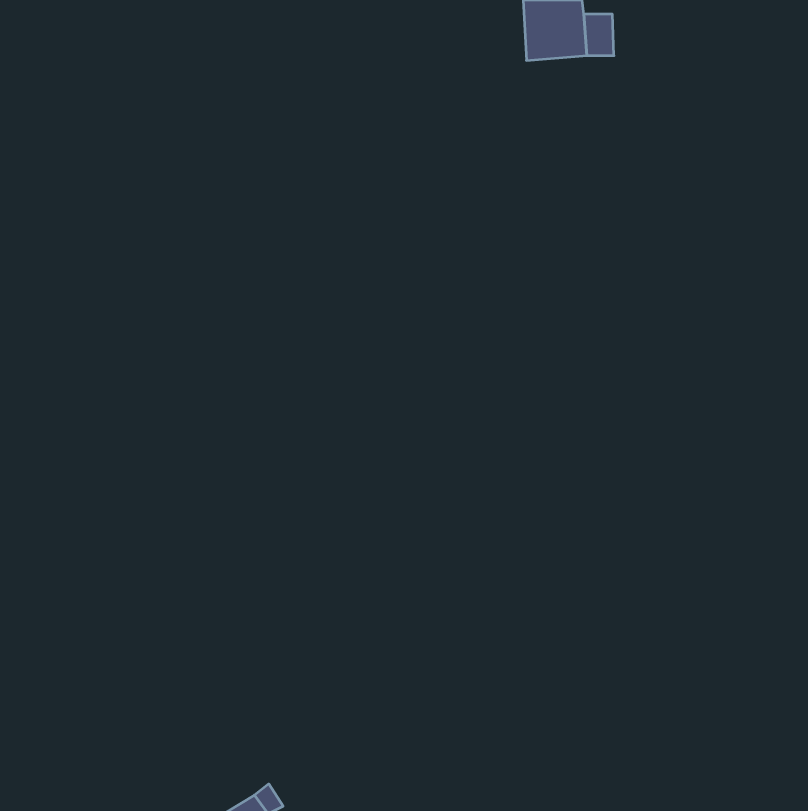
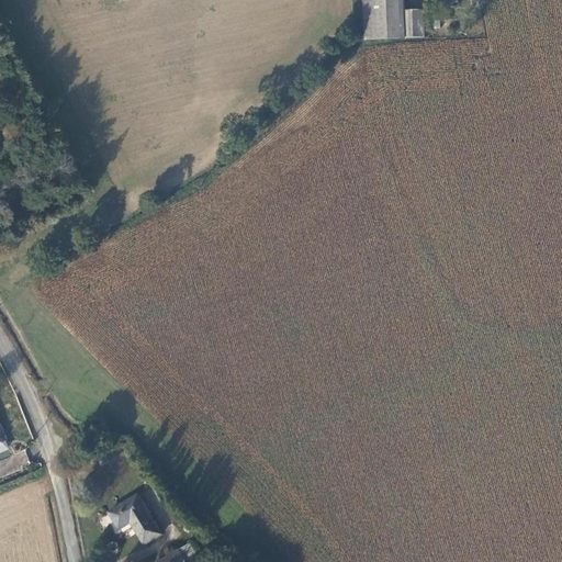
building: none -> [109,494,162,543]

